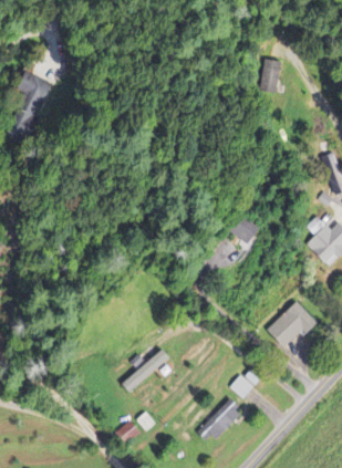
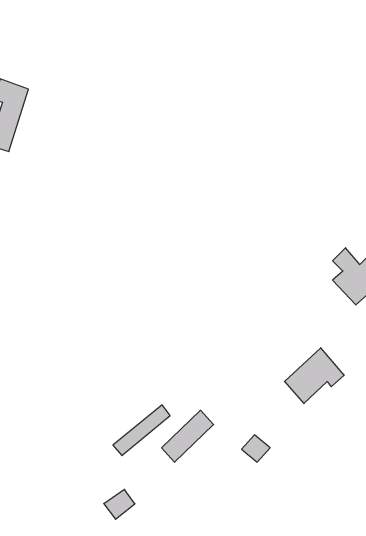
building: [260,60,279,92] -> none
building: [229,212,260,245] -> none
building: [196,399,240,444] -> [162,410,214,462]

